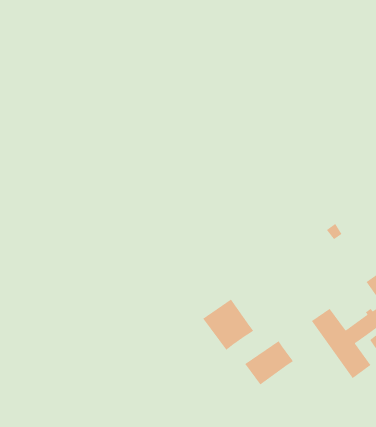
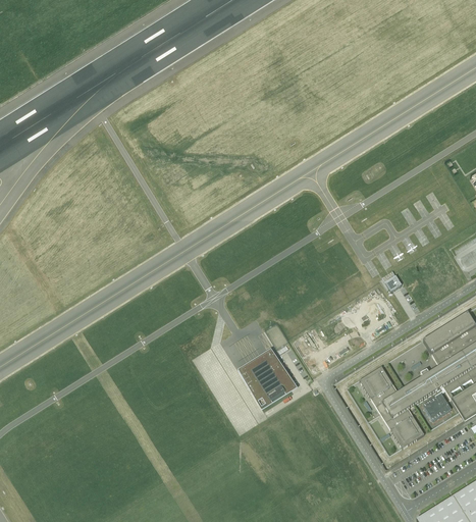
building: [244,340,294,385] -> none

